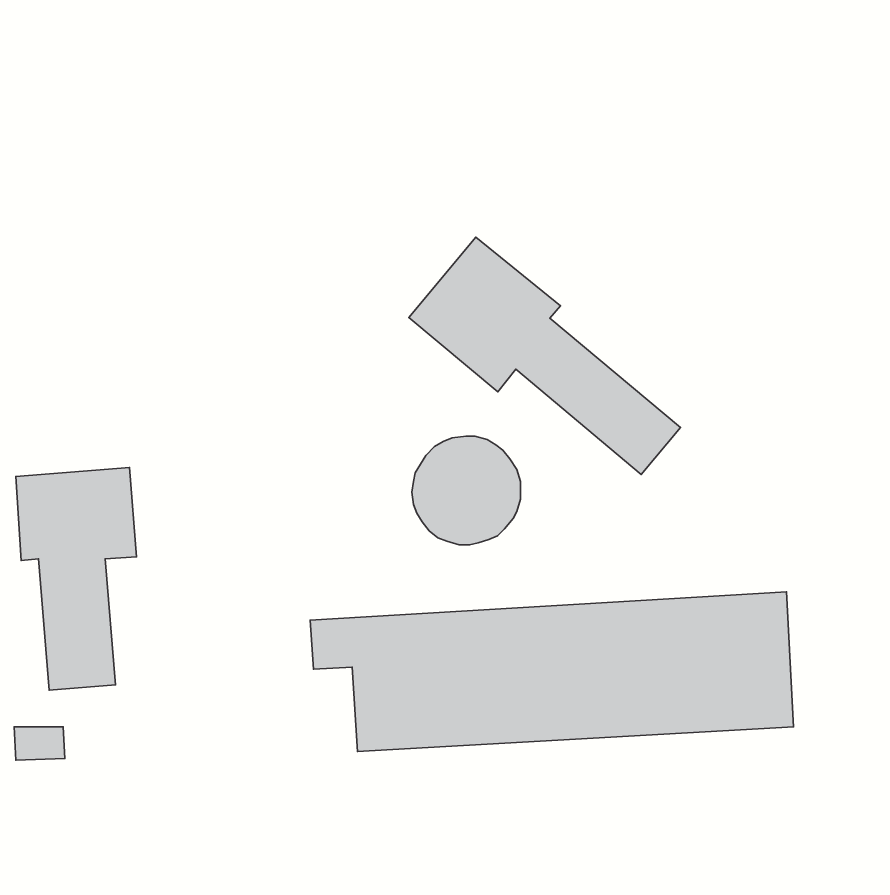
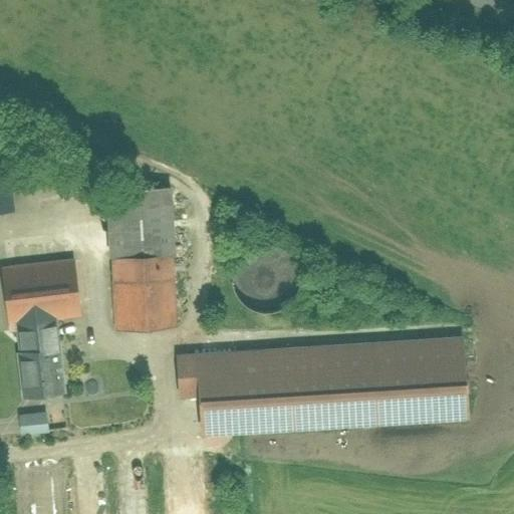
building: [409,237,680,474] -> none
building: none -> [105,188,176,329]

